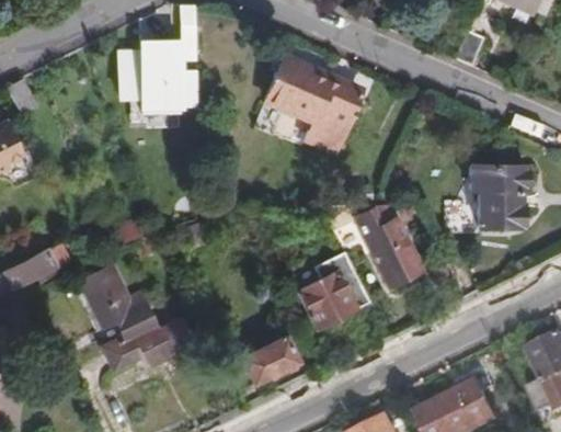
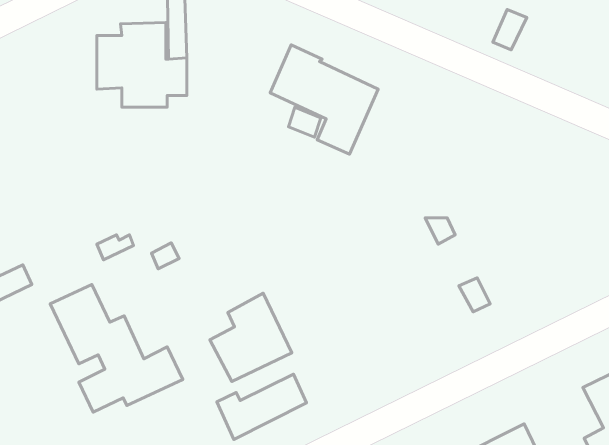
building: [444,166,523,230] -> none
building: [350,206,420,285] -> none
building: [300,251,369,326] -> [210,293,292,382]

